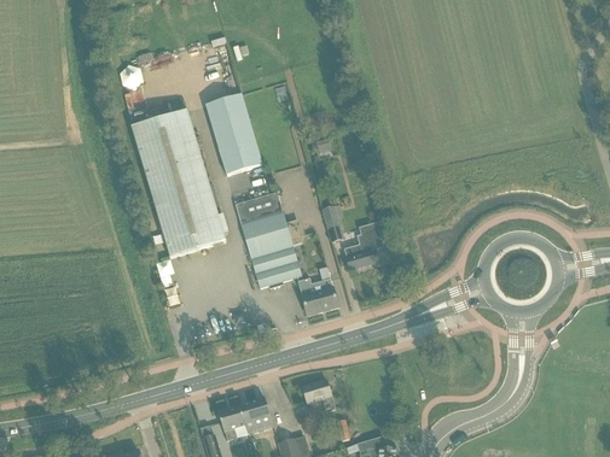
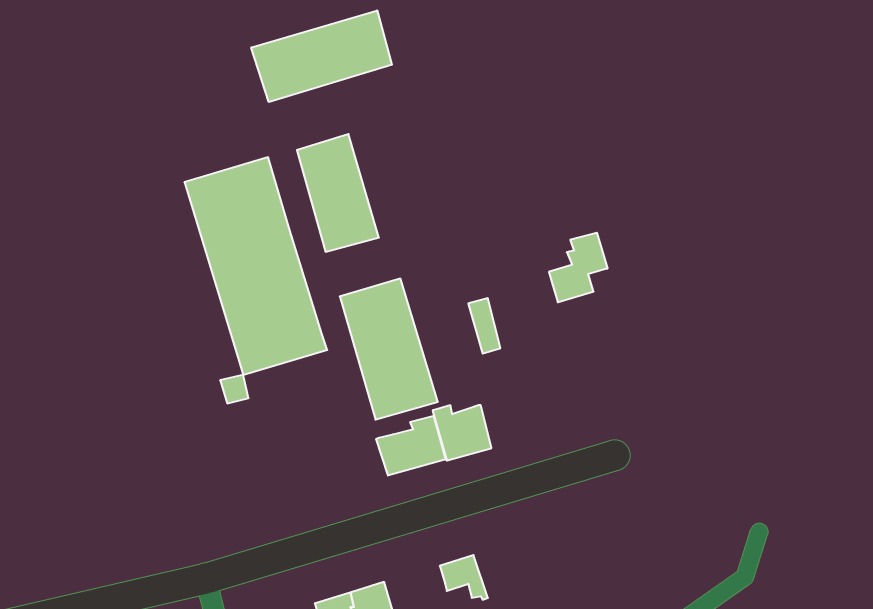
building: none -> [251,10,392,102]
building: [344,222,384,269] -> [549,233,608,302]
building: none -> [376,416,445,476]

